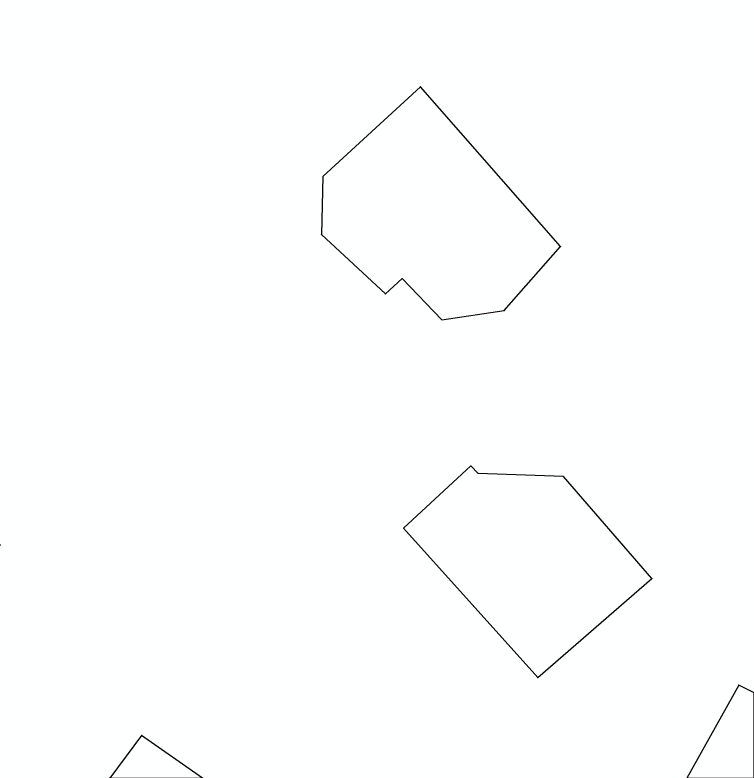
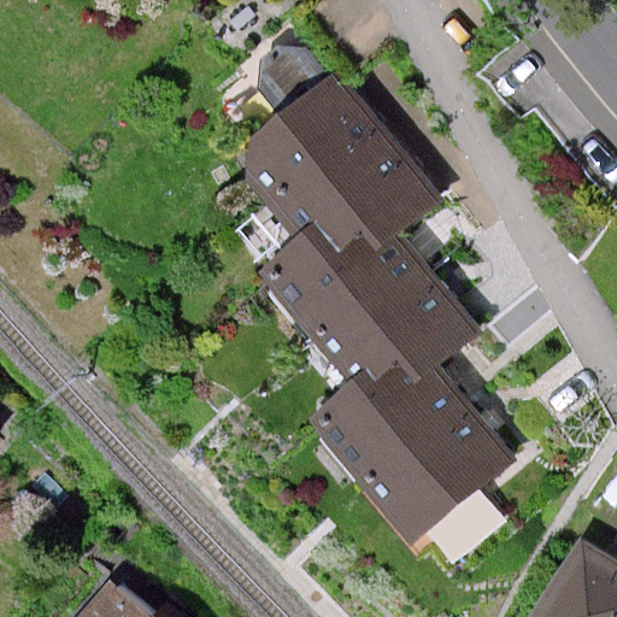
building: none -> [278,221,488,377]

